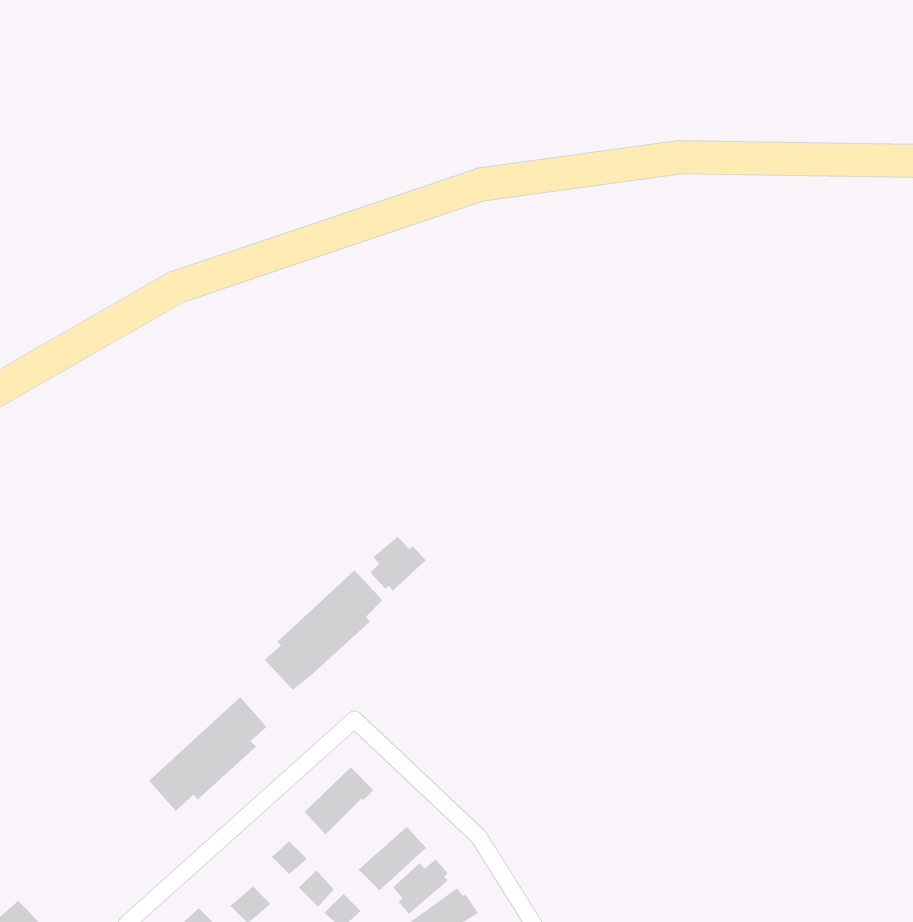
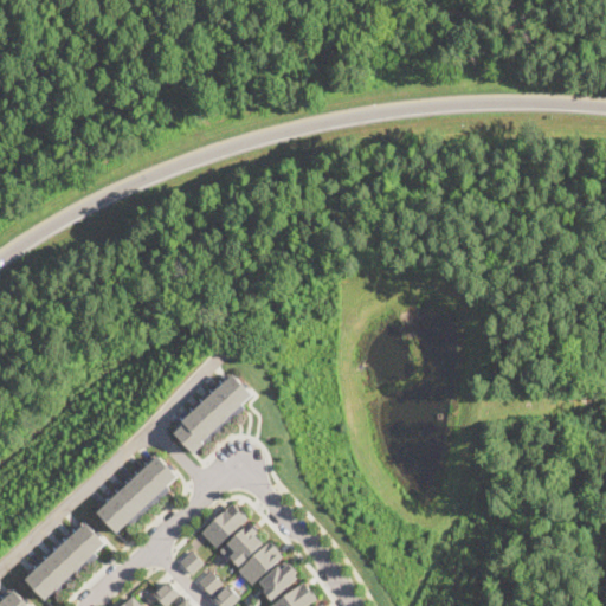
building: [370,536,426,591] -> none
building: none -> [24,523,103,600]
building: none -> [224,523,259,566]

